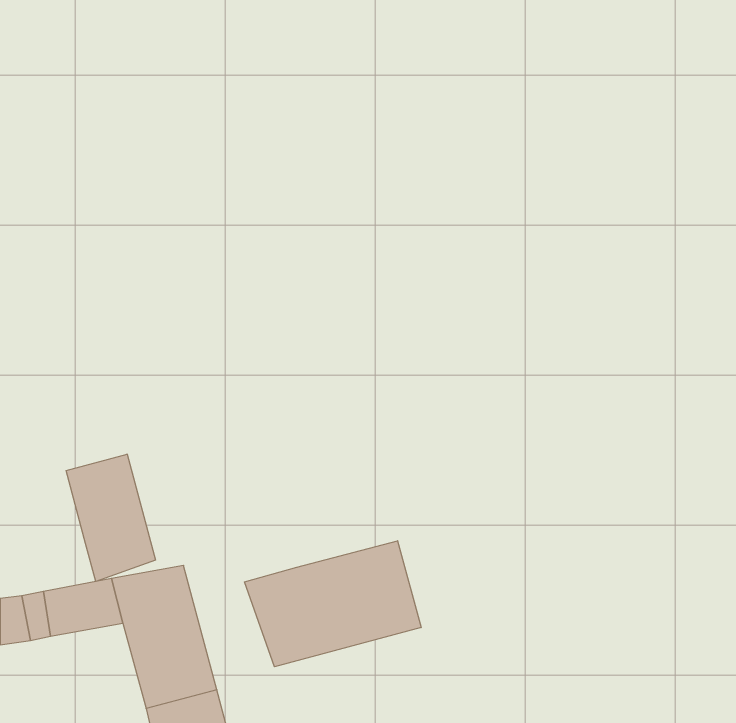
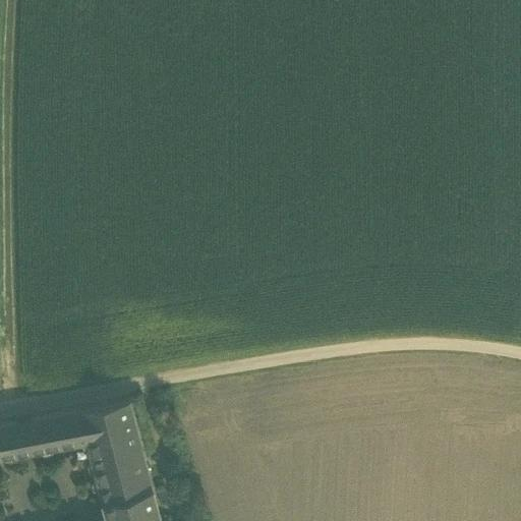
building: [66,454,155,581] -> none
building: [244,541,421,667] -> none

